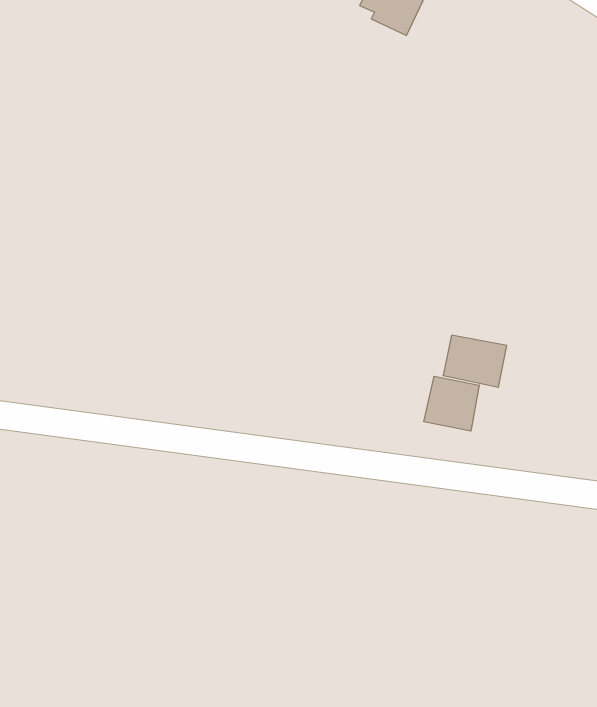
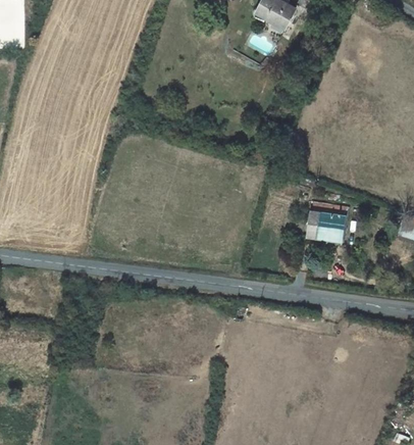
building: [424,376,479,431] -> none

